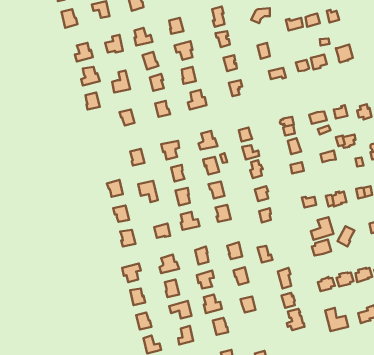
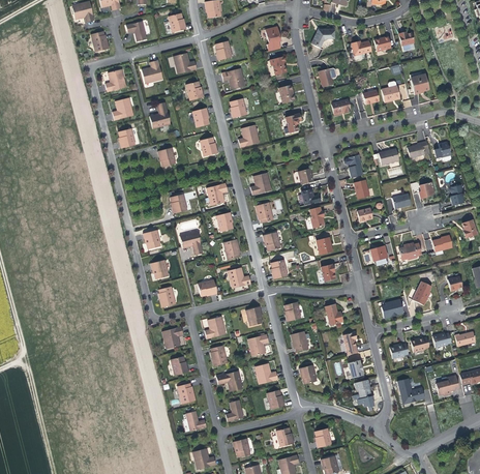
building: [311,217,334,240] -> none

